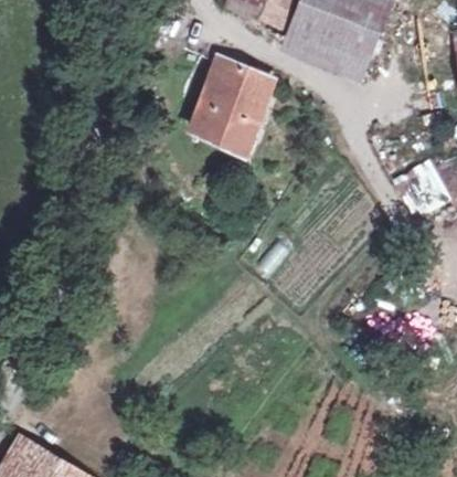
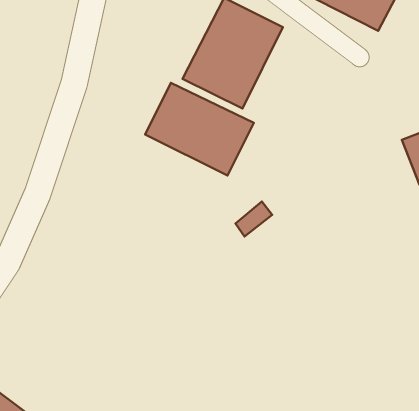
building: none -> [145,83,254,175]

